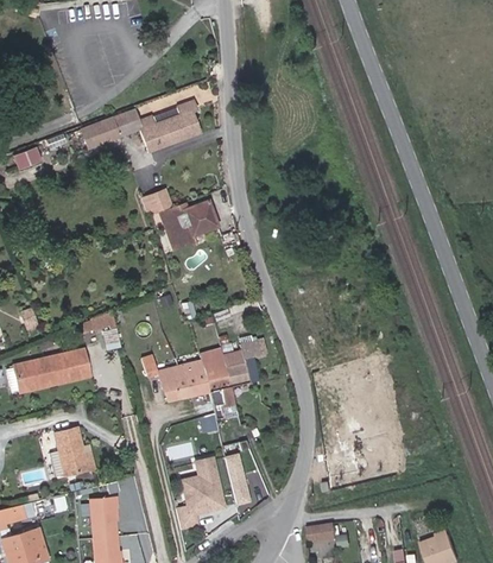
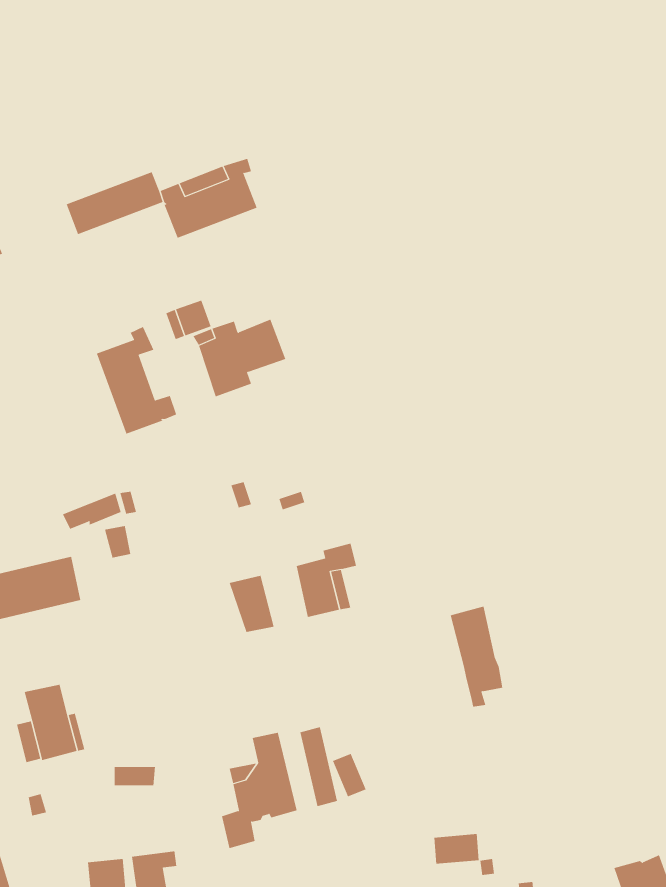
building: none -> [96,326,177,434]
building: [202,354,235,417] -> [450,606,503,707]
building: [141,355,192,400] -> none
building: [90,496,118,538] -> none

